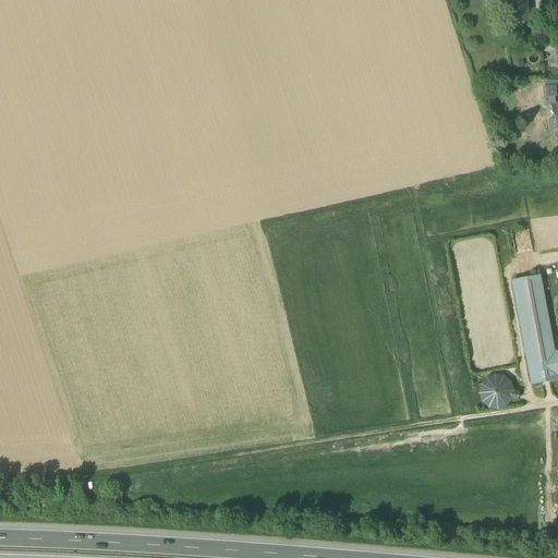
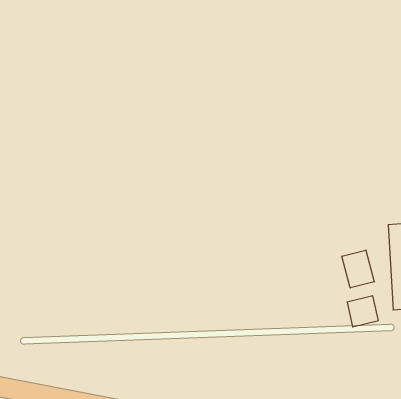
building: none -> [342,250,374,288]

